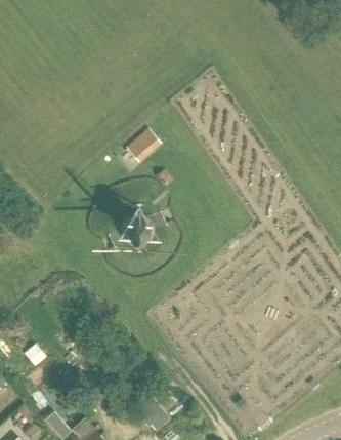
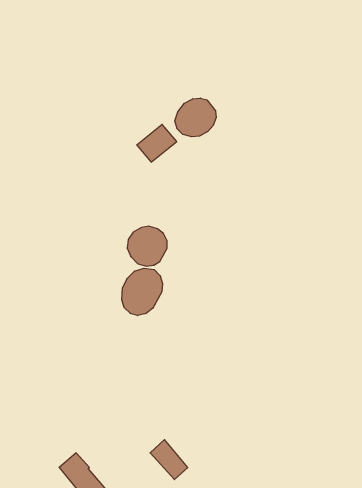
building: none -> [175,98,216,137]
building: none -> [122,268,163,316]

